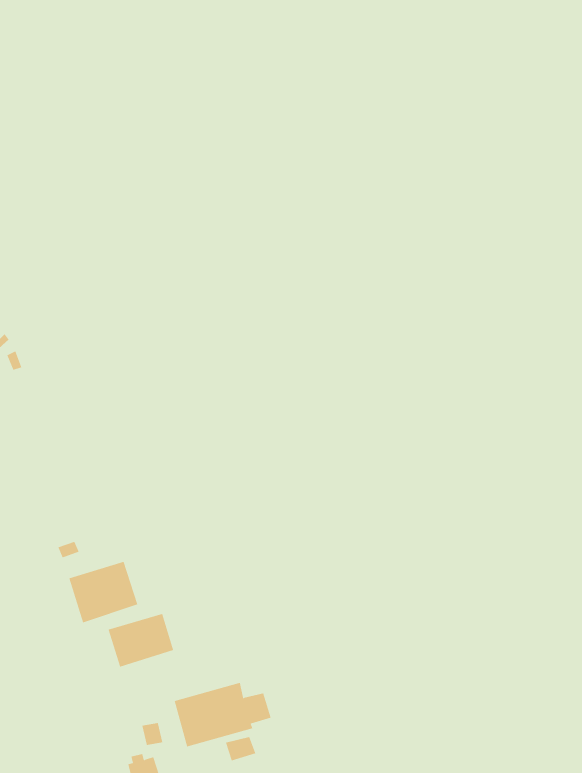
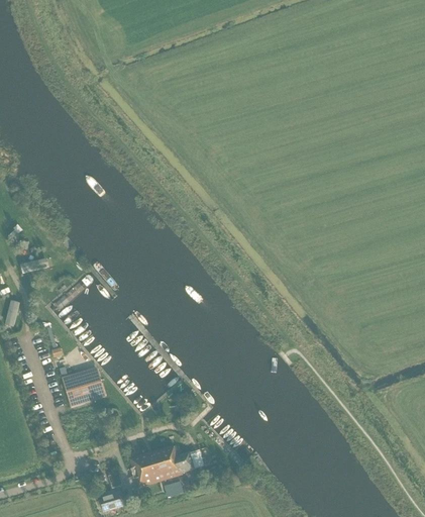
building: [108,613,174,668] -> none

